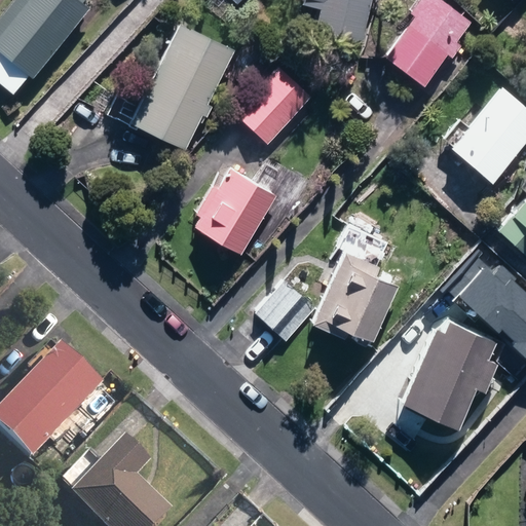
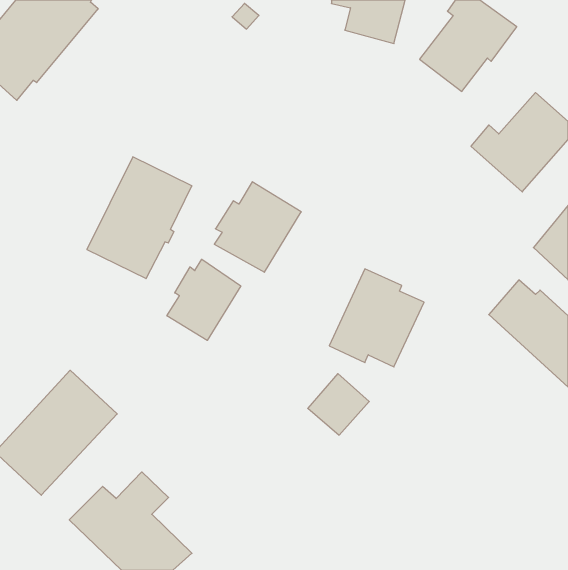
building: [134,36,230,148] -> [87,157,192,279]
building: [238,67,310,142] -> none
building: none -> [167,259,241,340]
building: [247,278,303,335] -> [308,374,369,435]
building: [401,320,494,429] -> none

